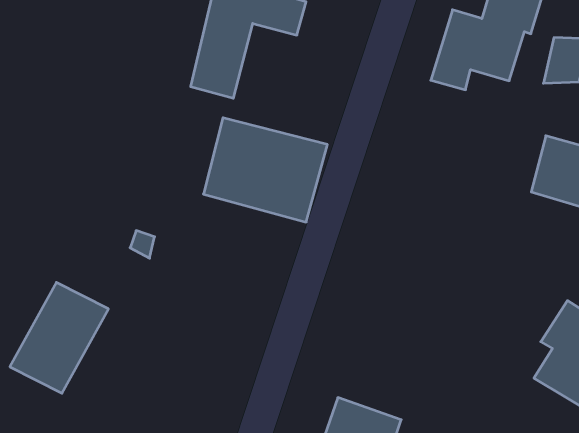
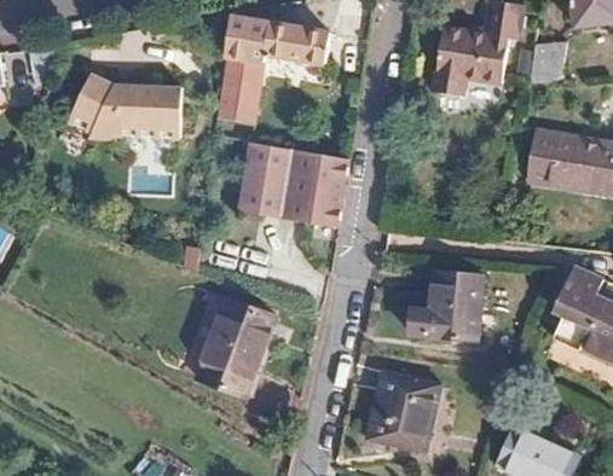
building: none -> [74,75,189,143]
building: [10,282,108,393] -> [199,298,281,395]
building: none -> [421,274,474,341]

